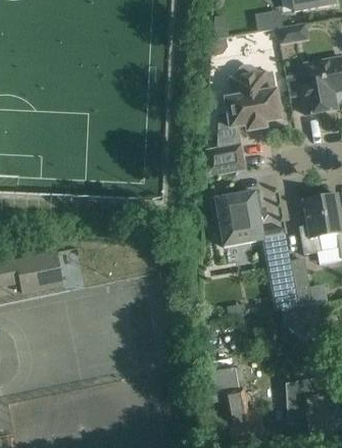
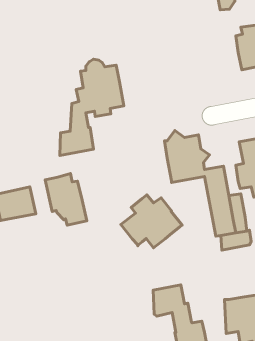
building: [205,62,281,176] -> [60,59,124,155]
building: none -> [45,173,87,225]
building: none -> [121,195,182,248]

